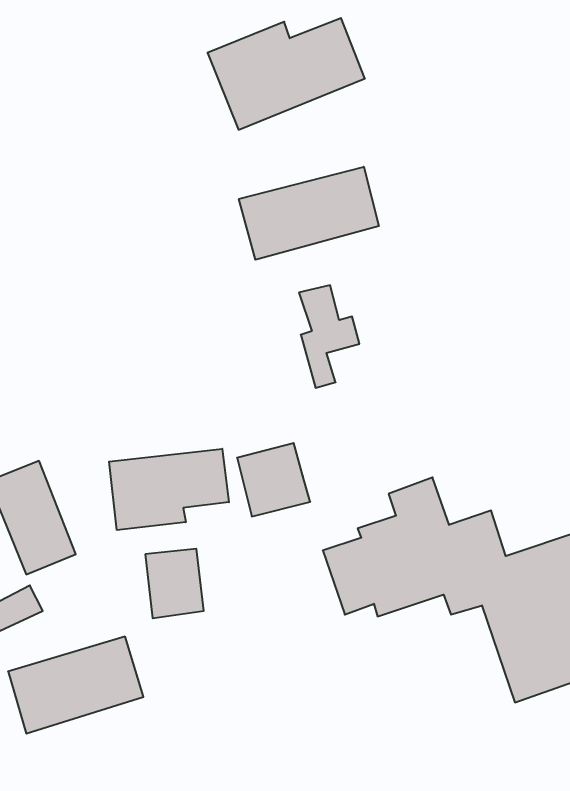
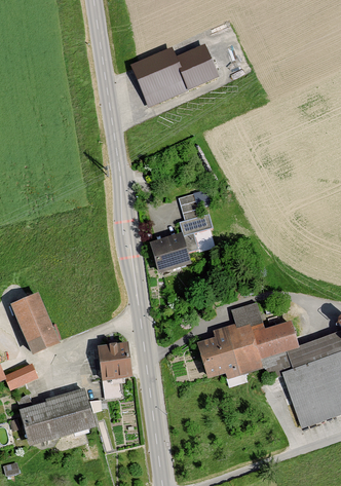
building: [239,167,379,260] -> none
building: [237,443,310,516] -> [150,232,191,273]
building: [109,449,229,530] -> none

